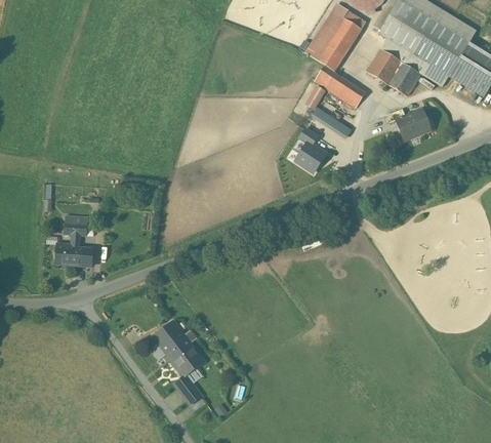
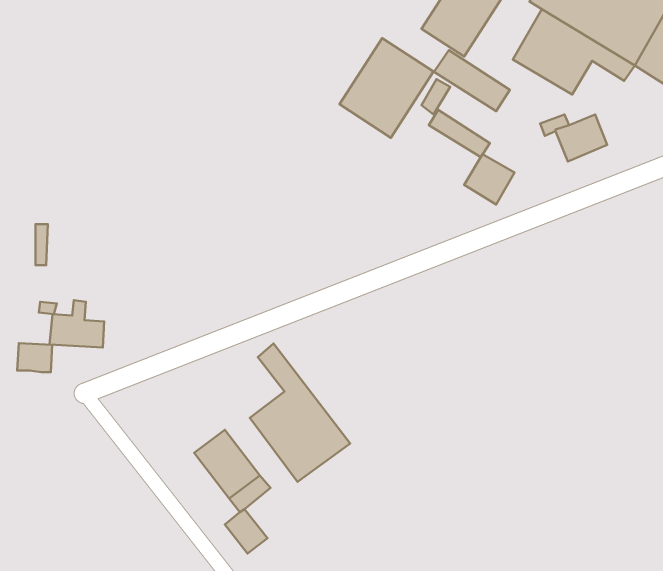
building: none -> [339,38,434,138]
building: [293,139,327,173] -> [464,154,515,205]
building: [64,215,87,235] -> [17,343,52,372]
building: none -> [250,343,350,482]

